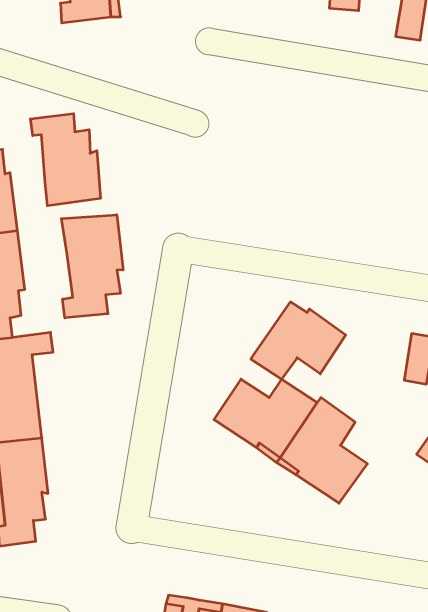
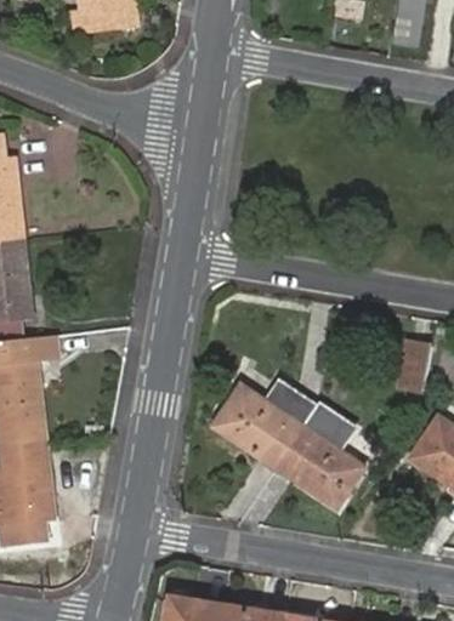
building: [30,114,100,206] -> none
building: [61,215,123,318] -> none
building: [251,302,346,379] -> none

